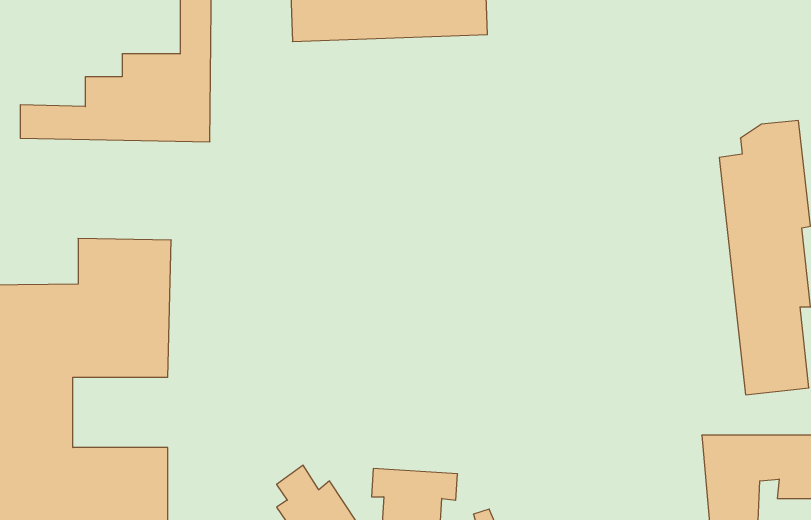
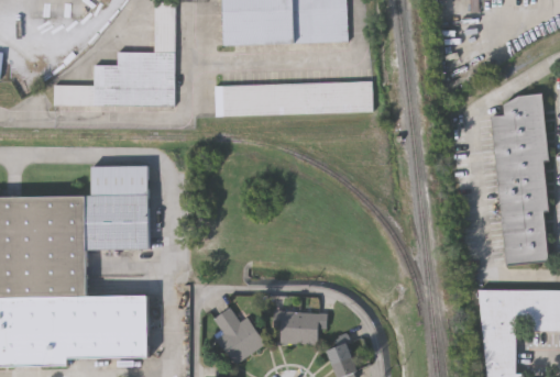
building: none -> [216,80,372,115]

